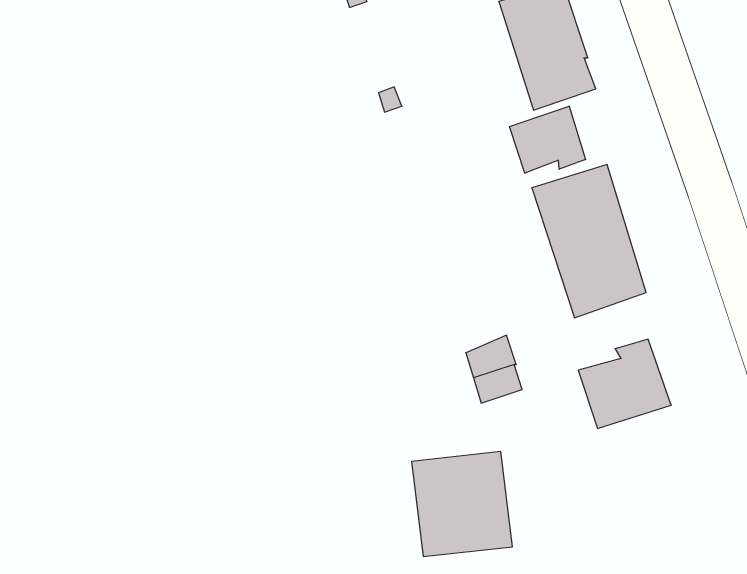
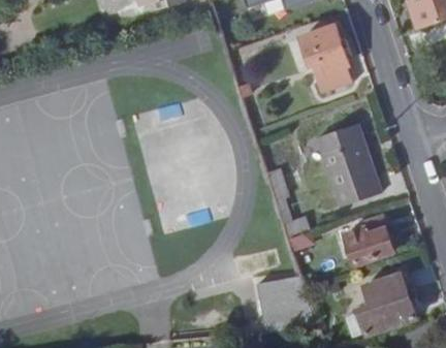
building: [510,106,586,173] -> none
building: none -> [358,275,416,335]

